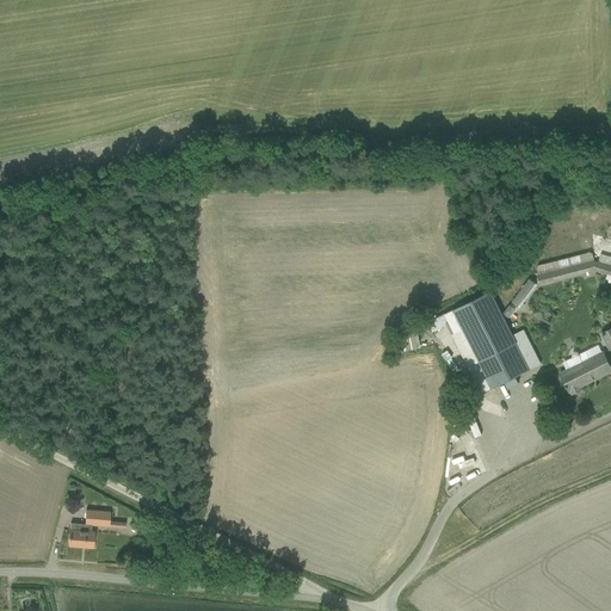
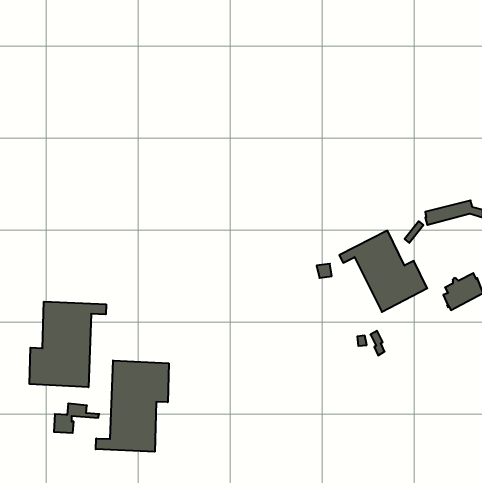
building: none -> [30,302,106,387]
building: none -> [96,360,169,452]

